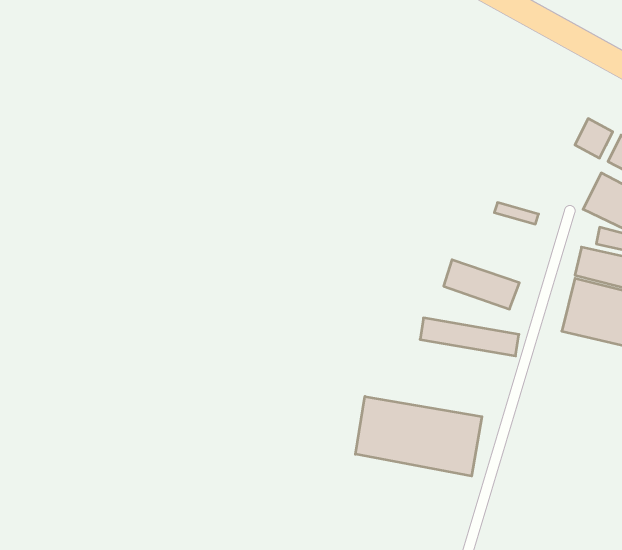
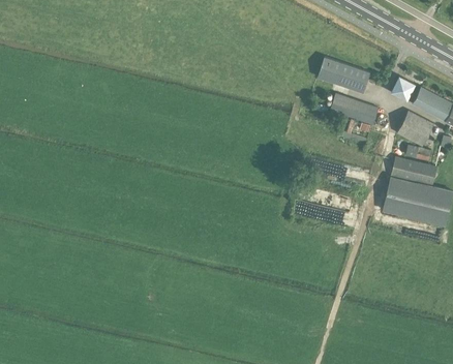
building: none -> [319,58,369,92]
building: [444,260,519,309] -> [331,94,379,125]
building: [355,396,482,476] -> none

